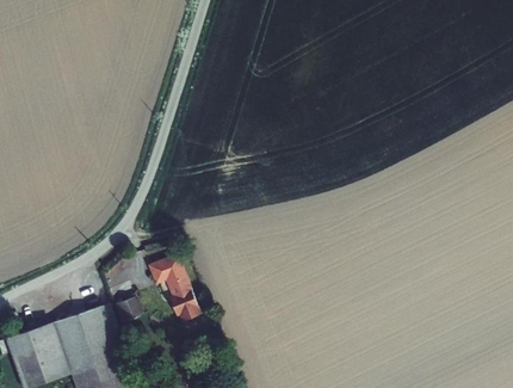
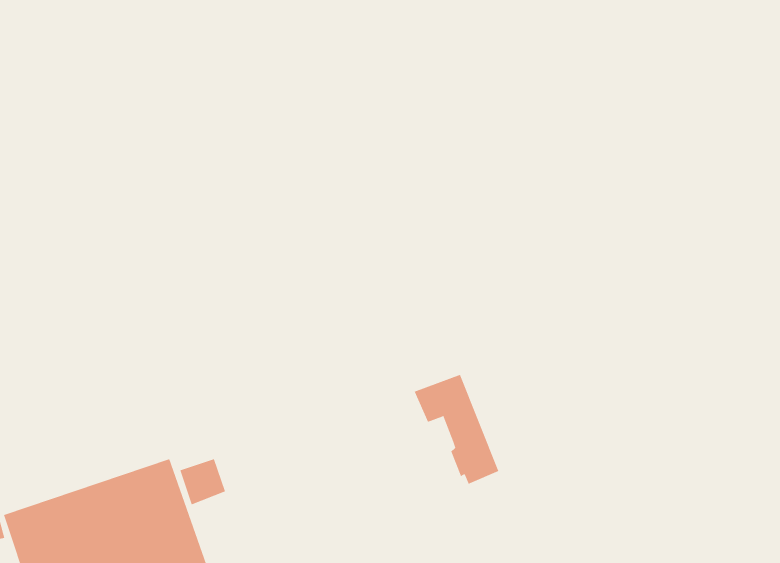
building: [147,254,199,322] -> [414,374,499,485]

